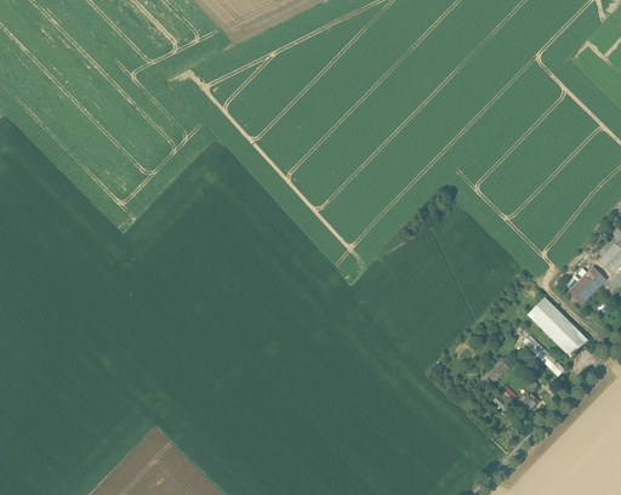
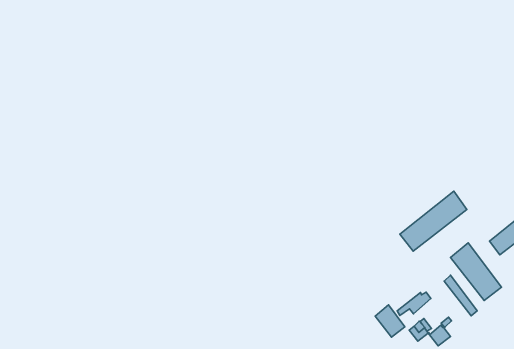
building: none -> [400,191,467,251]
building: none -> [375,305,405,337]

